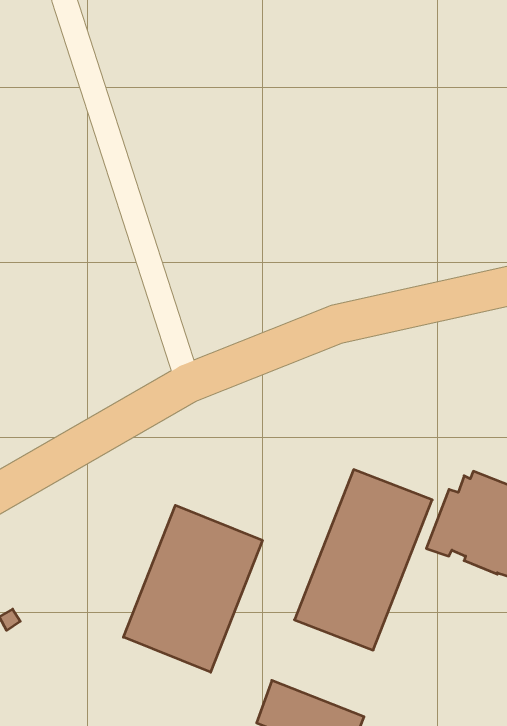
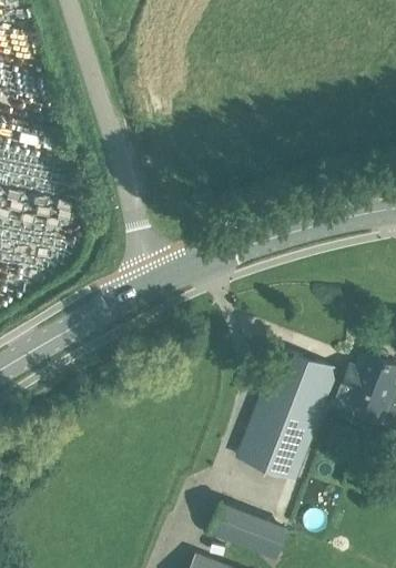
building: [123,505,262,672] -> none

